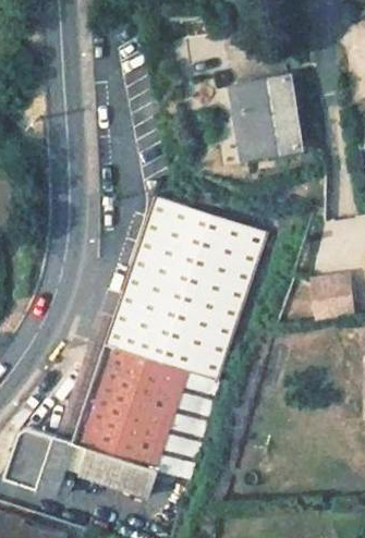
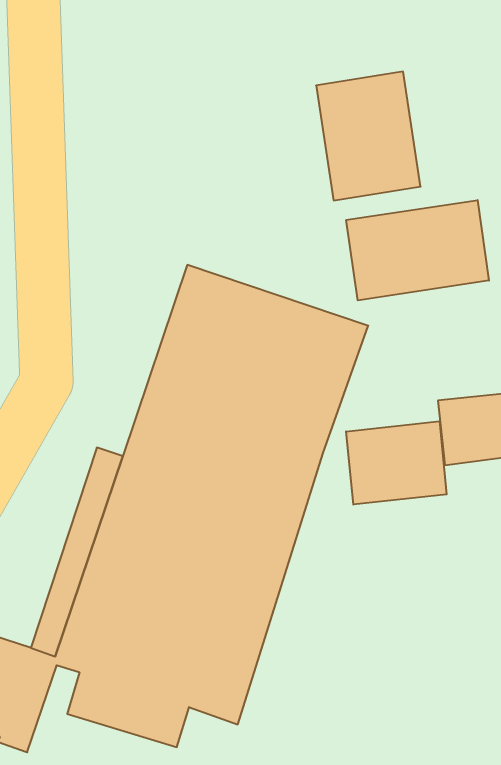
building: none -> [346,200,489,300]
building: none -> [346,421,447,505]

